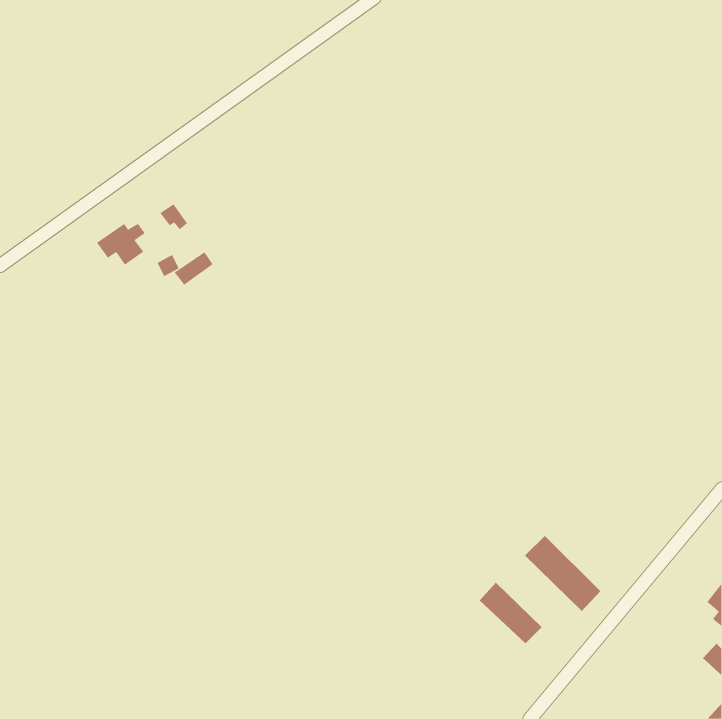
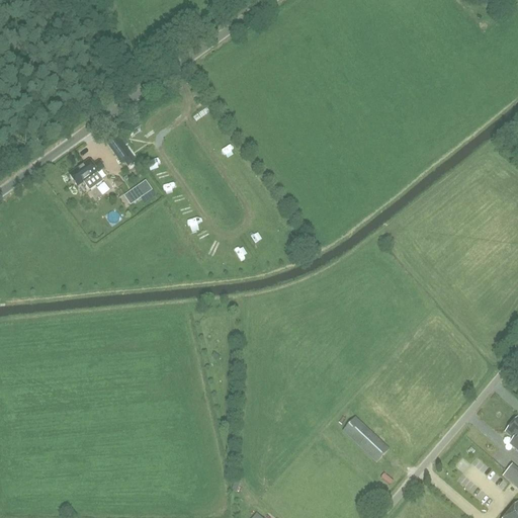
building: [524,535,601,612] -> none

